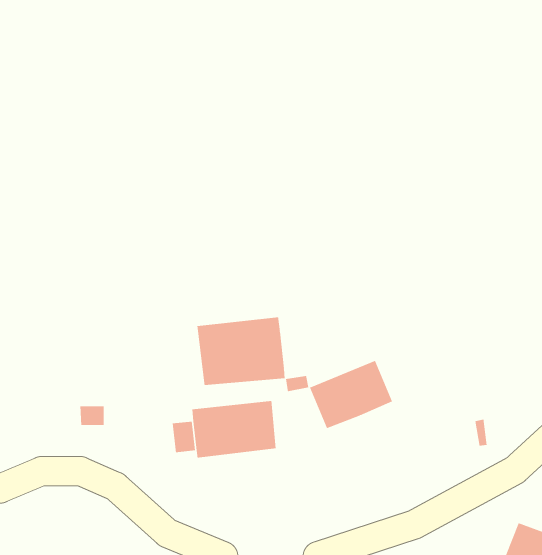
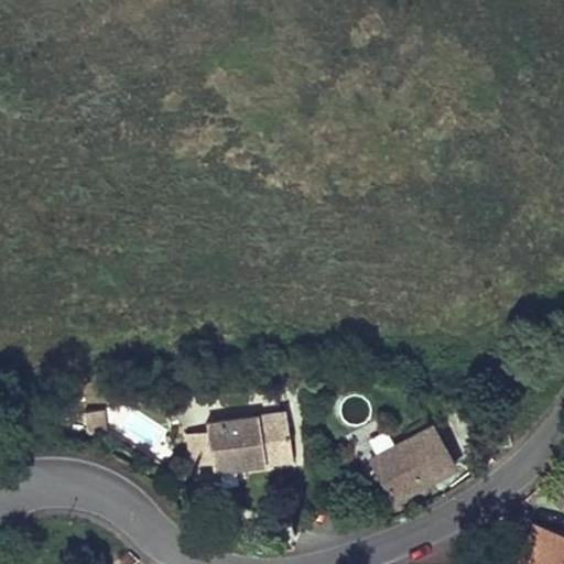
building: [197,317,285,386] -> none
building: [309,360,393,429] -> [362,441,447,510]

